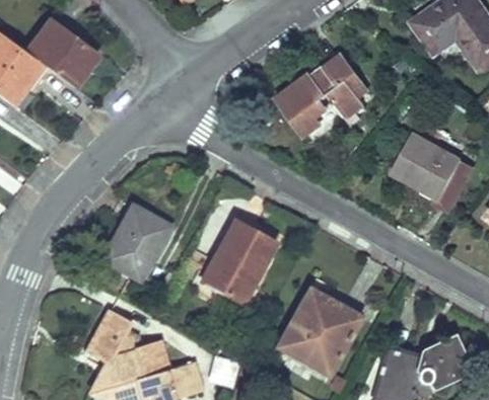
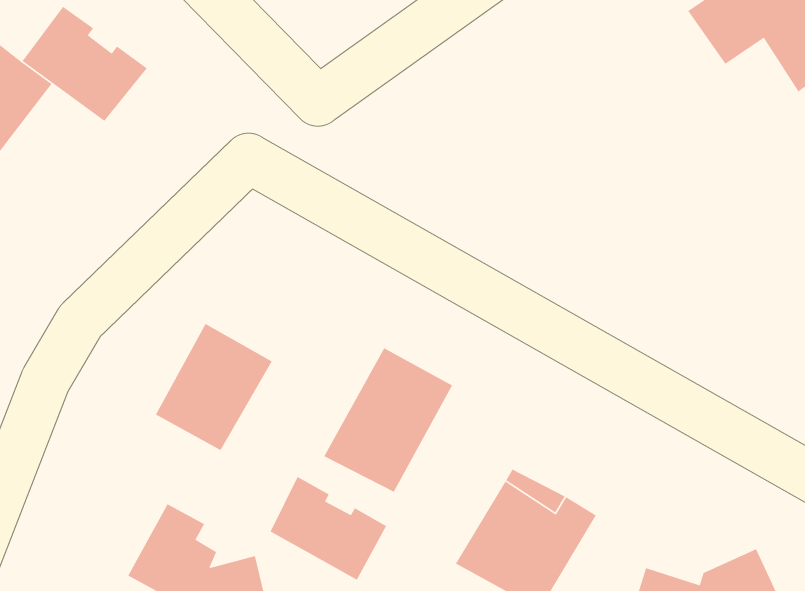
building: [280,57,367,135] -> none
building: [393,135,463,198] -> none
building: none -> [270,476,387,581]

